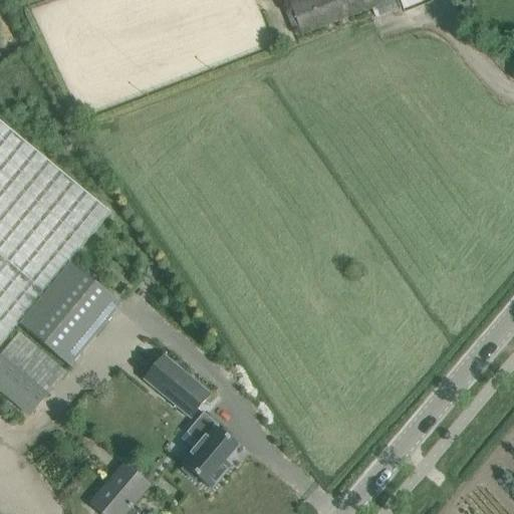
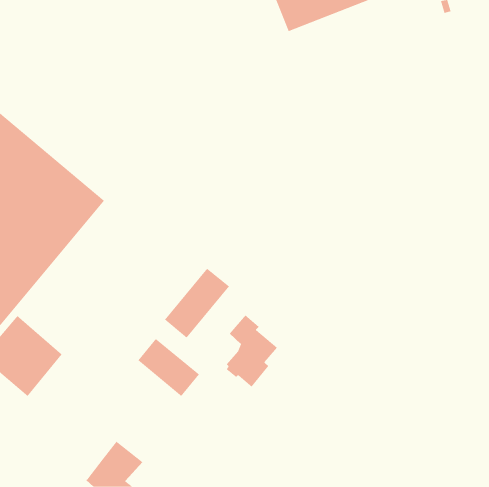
building: [19,261,120,364] -> none
building: none -> [164,268,230,339]
building: [183,410,237,486] -> [226,314,278,387]

